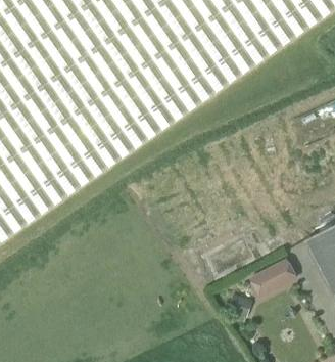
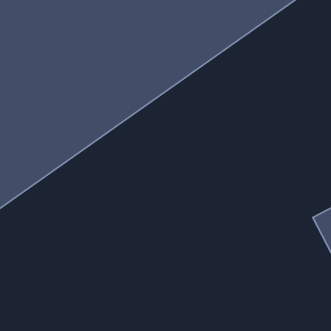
building: [246,258,297,300] -> none

